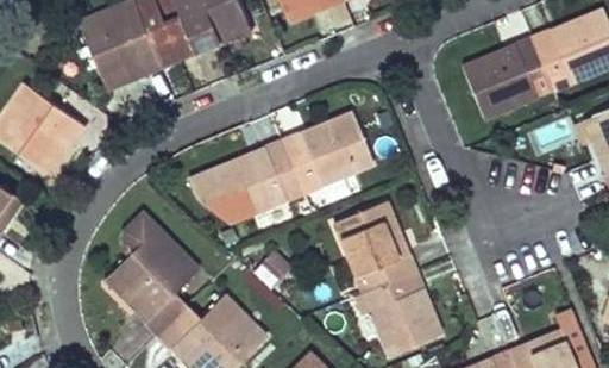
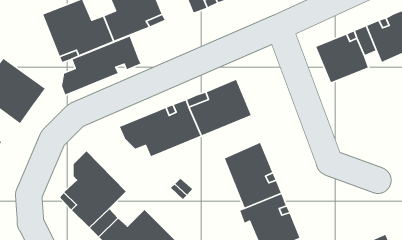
building: none -> [61,36,142,95]

